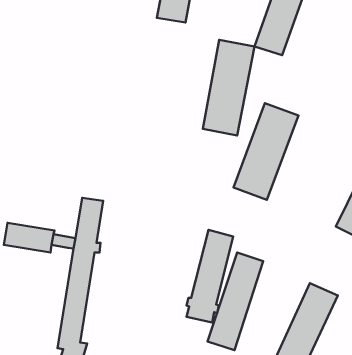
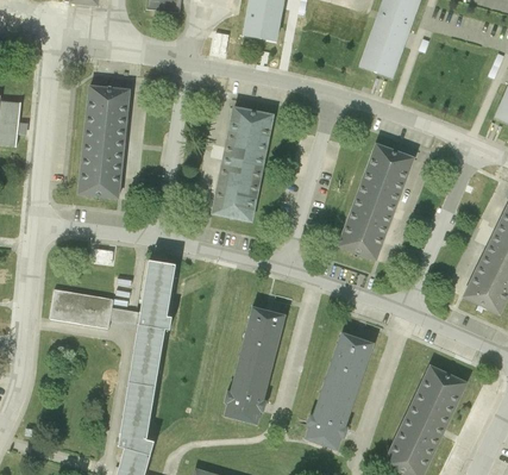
building: [203,40,254,136] -> [209,102,274,221]
building: none -> [76,80,130,198]
building: [186,230,233,323] -> [225,306,283,421]

